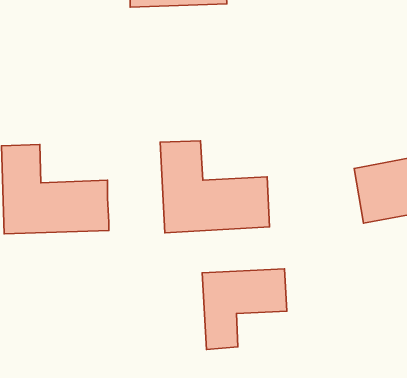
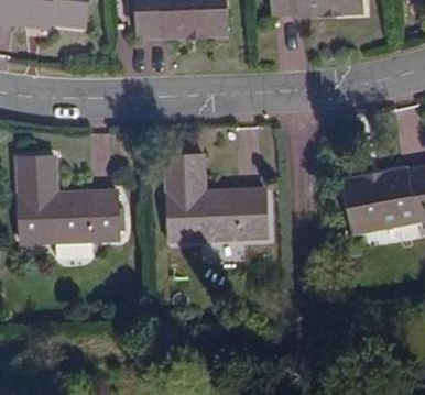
building: [202,269,287,349] -> none

